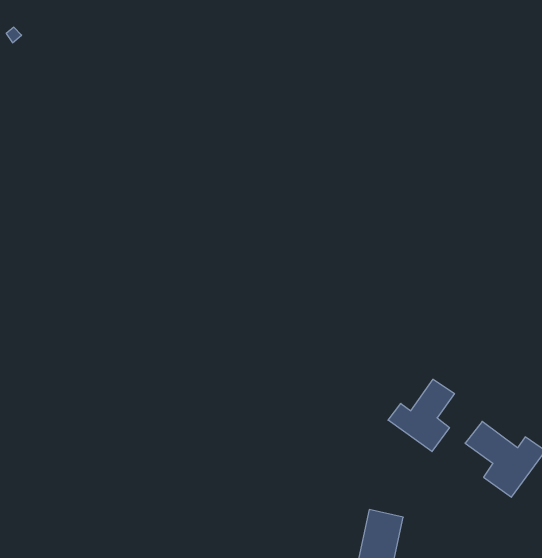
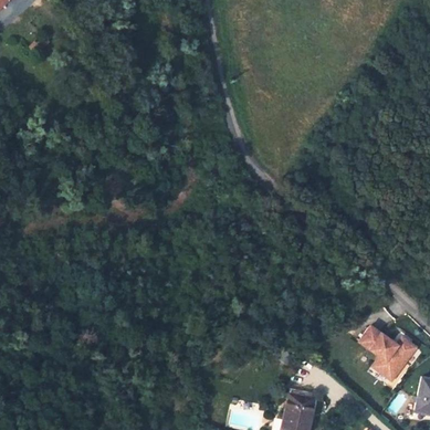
building: [388,379,454,452] -> none

